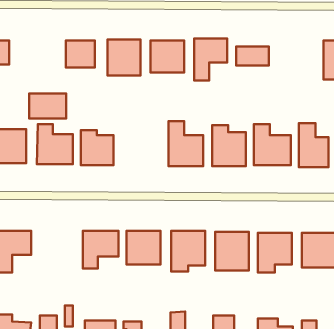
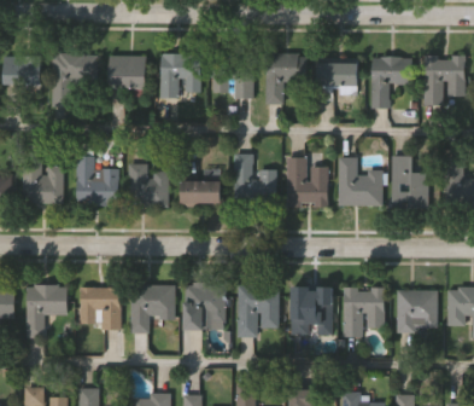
building: none -> [370,56,406,106]
building: [29,93,66,118] -> [53,52,98,82]
building: none -> [180,179,220,205]
building: none -> [80,286,121,326]

